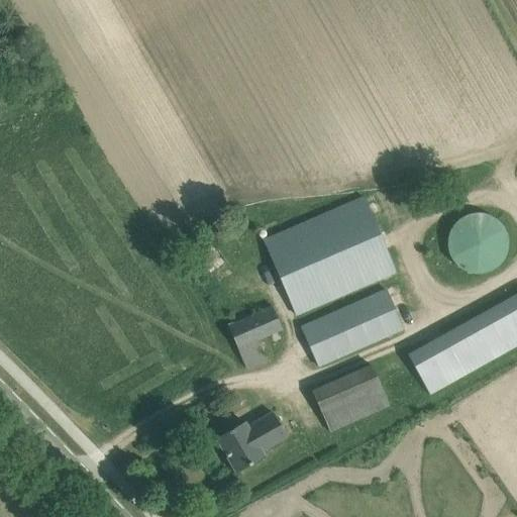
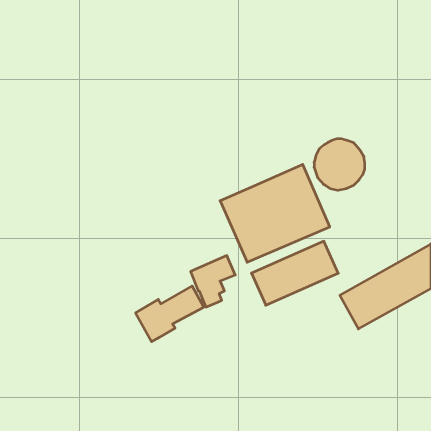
building: [447,212,508,274] -> [314,139,365,190]
building: [314,363,393,428] -> none
building: [217,405,299,472] -> [136,286,204,342]

